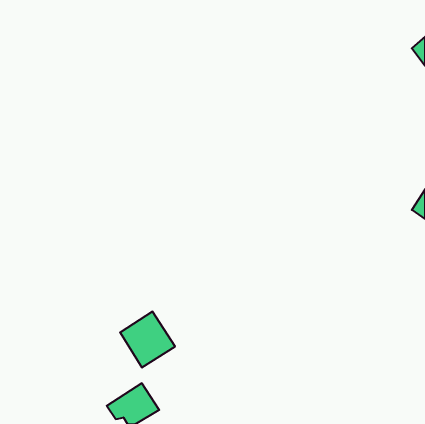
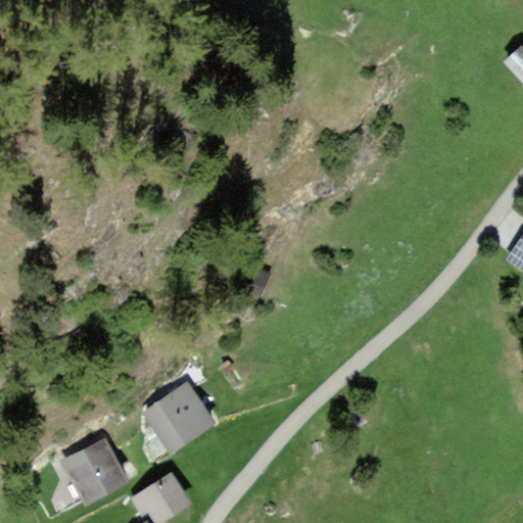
building: none -> [59,438,128,507]

